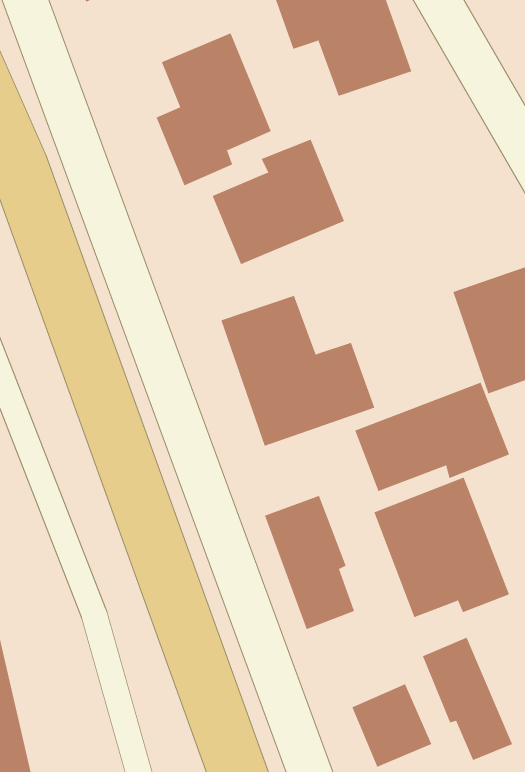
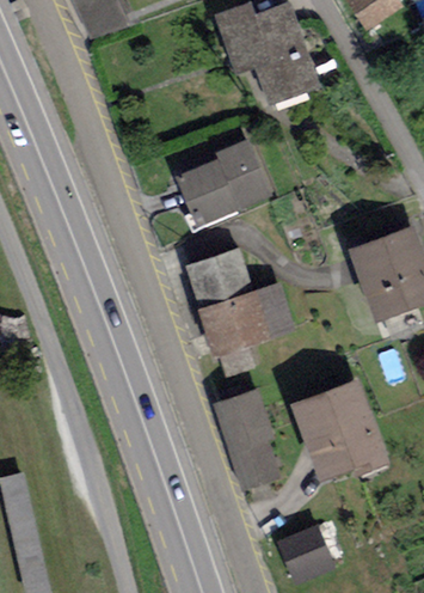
building: [156,32,272,186] -> none
building: [354,382,510,492] -> none
building: [422,637,513,761] -> none

